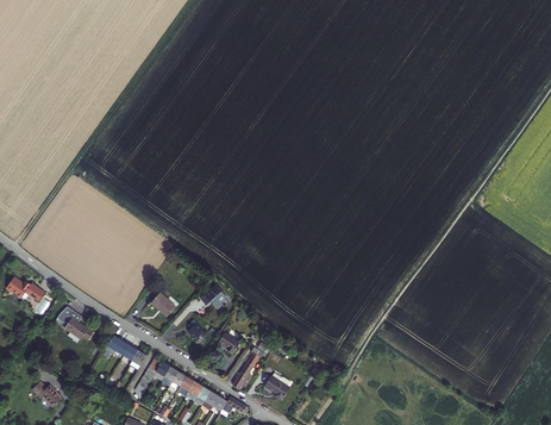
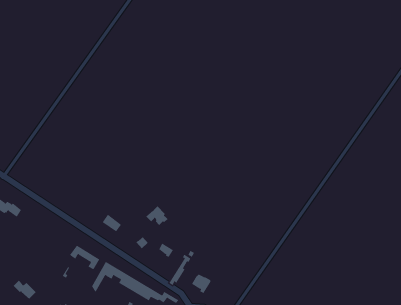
building: [57,306,93,339] -> none

